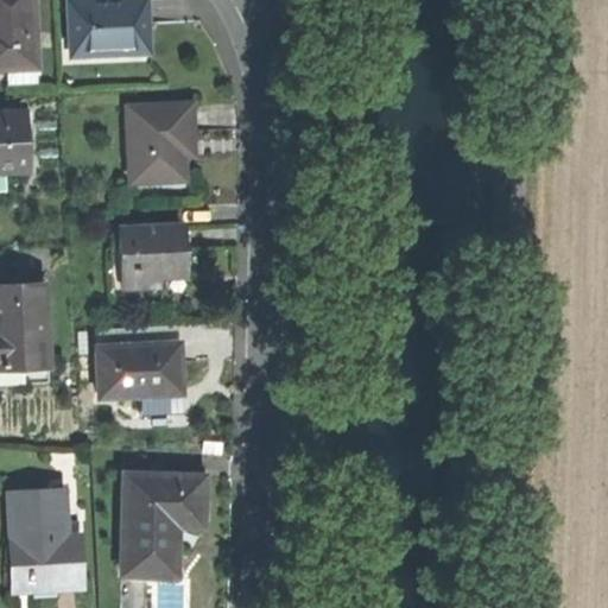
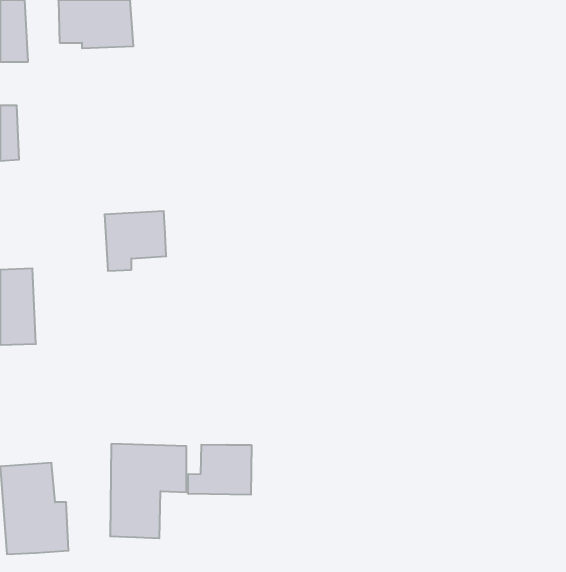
building: [128,104,192,182] -> none
building: [97,341,180,397] -> none
building: none -> [188,445,251,495]

